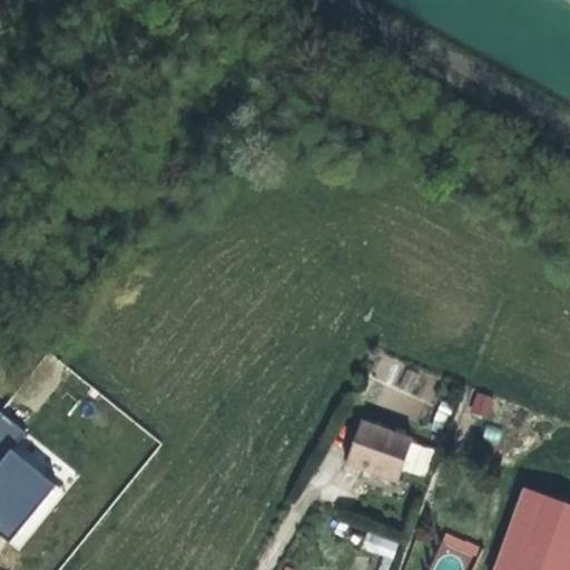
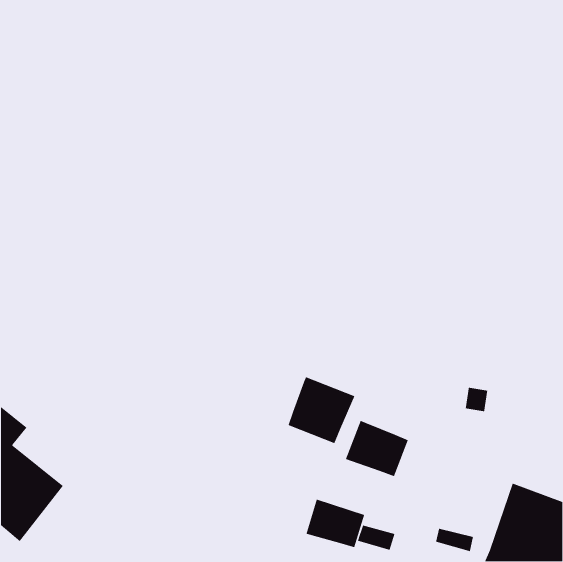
building: none -> [287,376,356,444]
building: none -> [306,498,365,548]

